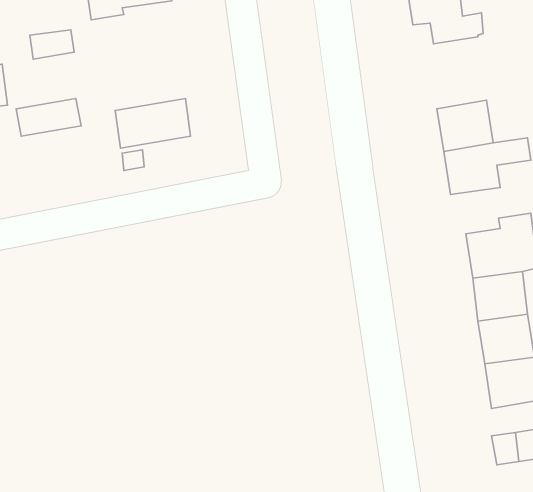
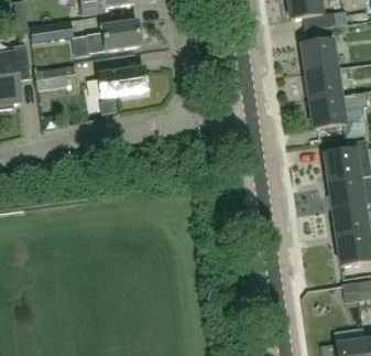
building: none -> [89,21,142,51]
building: none -> [303,26,338,73]

